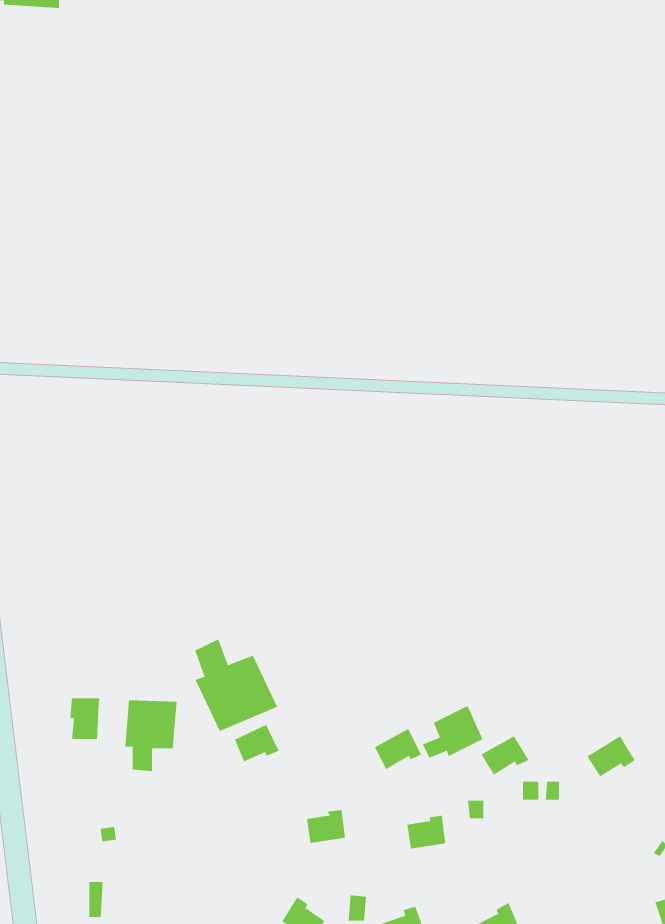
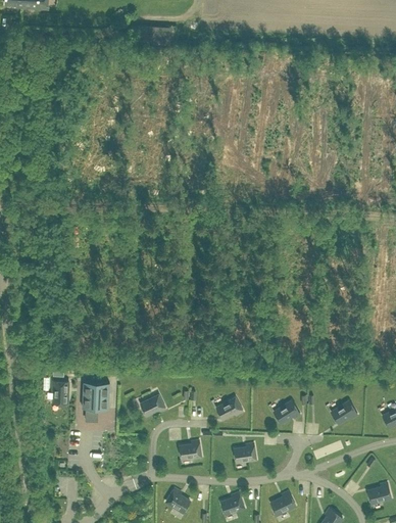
building: [194,638,278,732] -> none
building: [422,705,483,758] -> none

